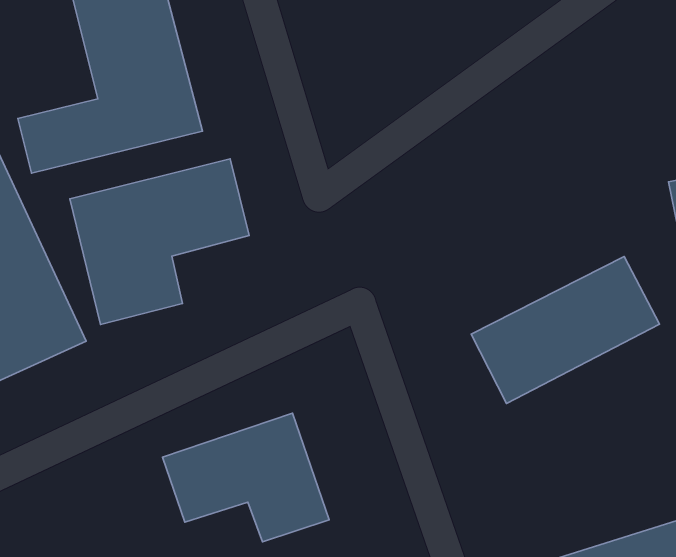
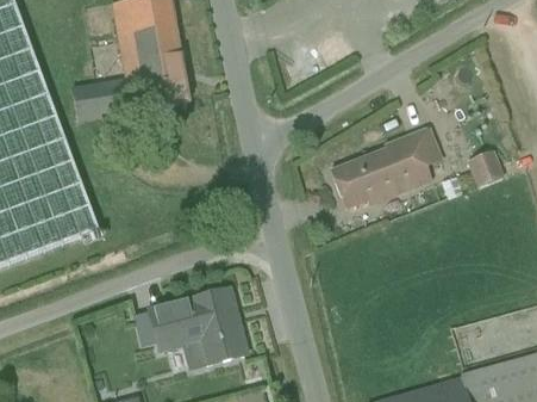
building: [70,159,249,325] -> none
building: [471,256,659,404] -> [321,124,443,212]

